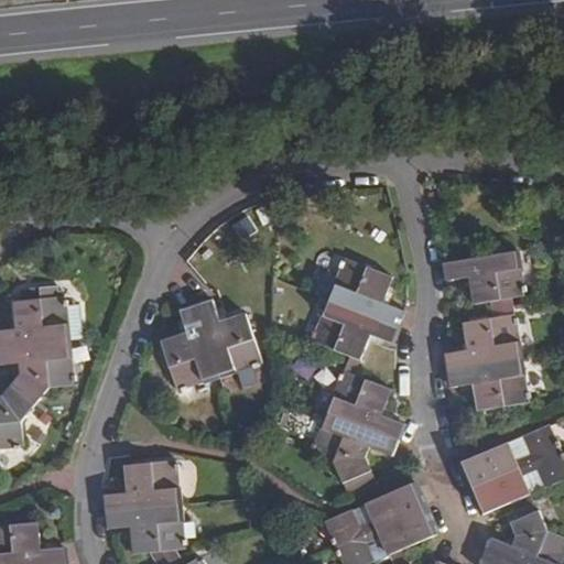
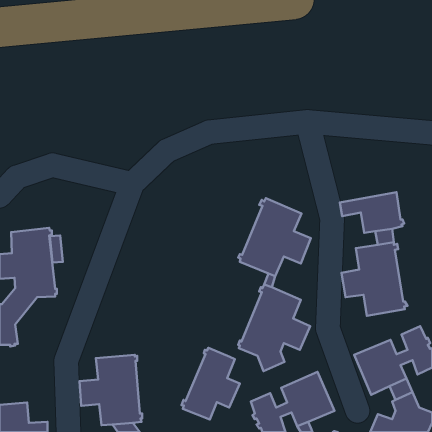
building: [160,301,261,391] -> none
building: none -> [182,348,240,419]

